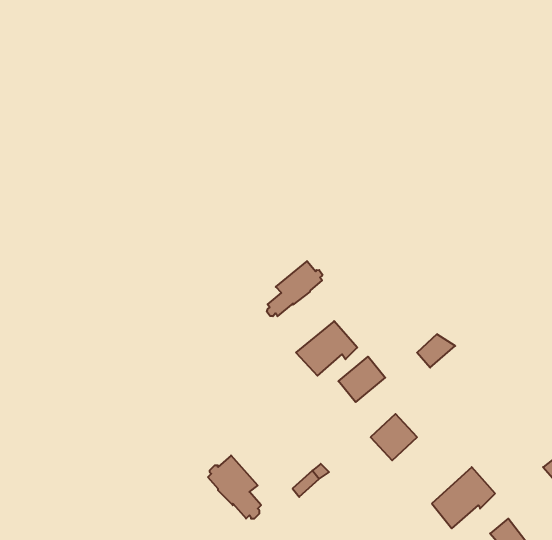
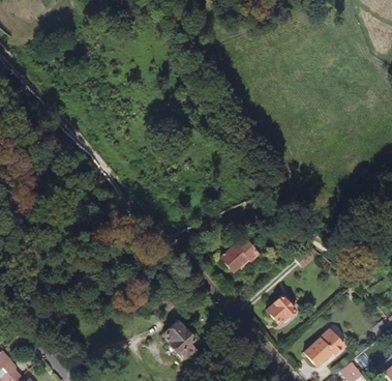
building: [267,261,322,316] -> none
building: [338,357,385,402] -> none

